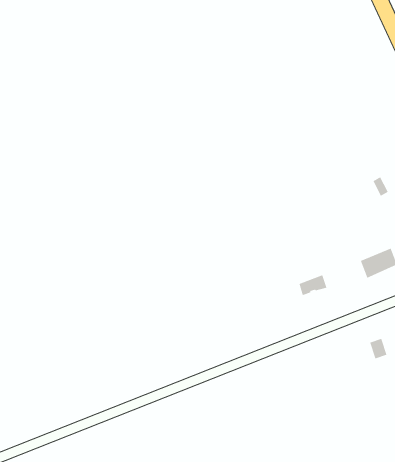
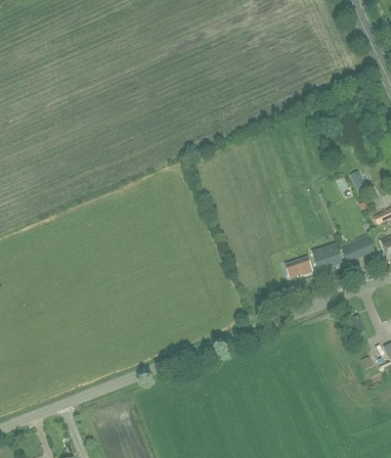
building: none -> [312,242,342,270]

